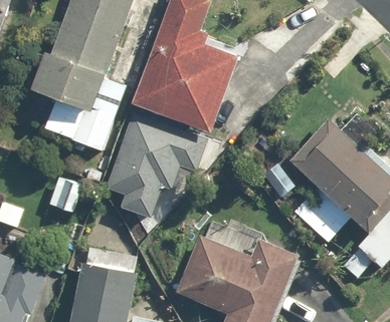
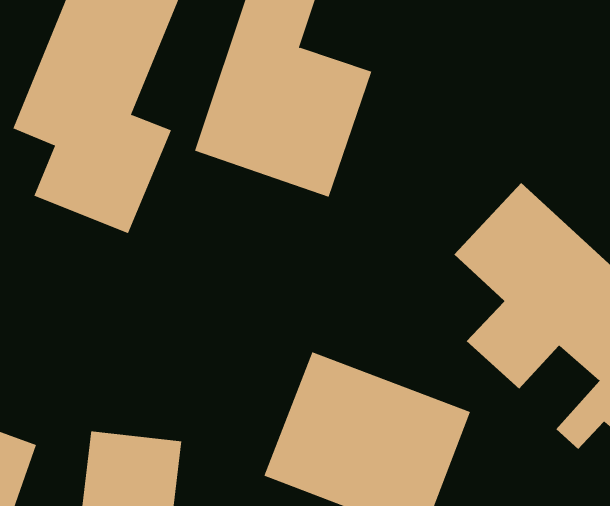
building: [106,117,204,217] -> none

